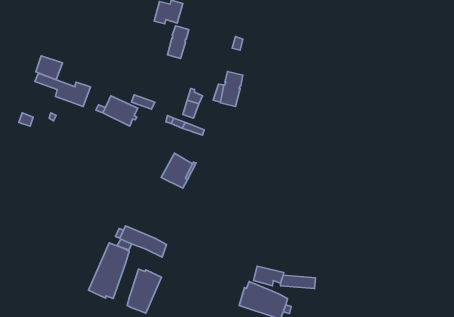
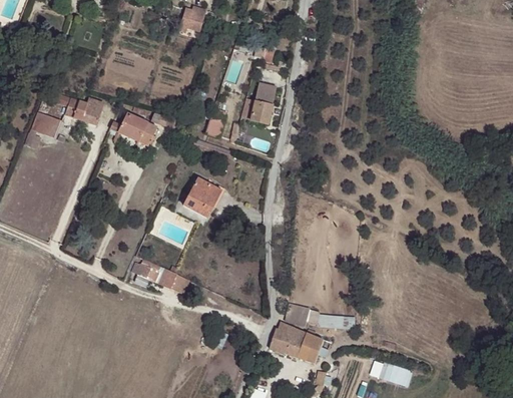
building: [167,26,189,59] -> none
building: [36,56,63,80] -> [31,111,61,138]
building: [89,243,129,298] -> none
building: [127,269,162,313] -> none

